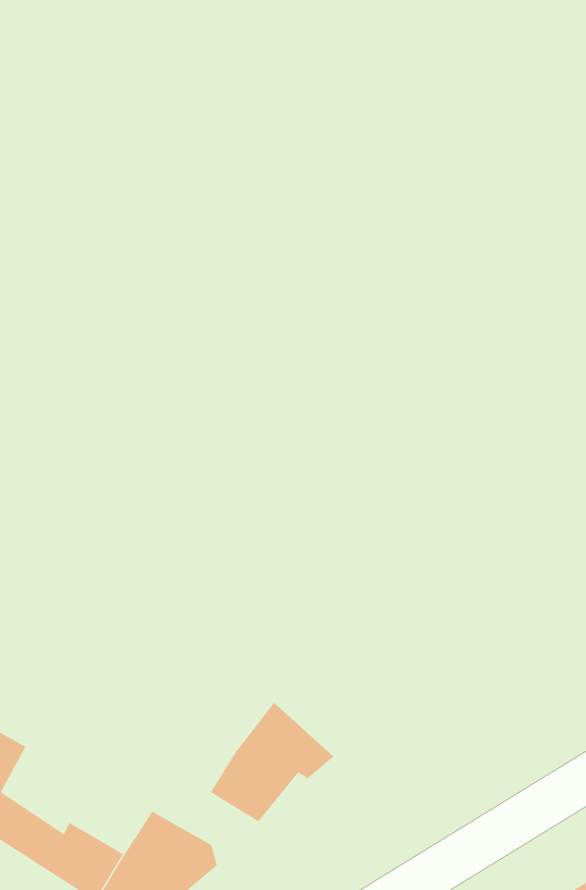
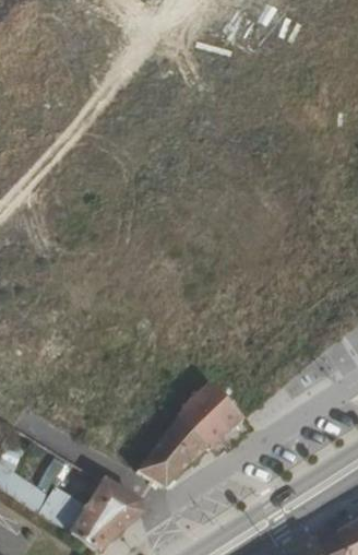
building: none -> [176,385,242,450]

